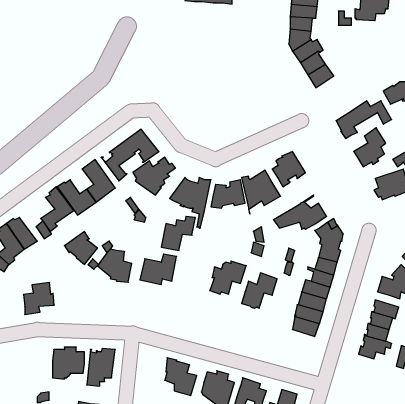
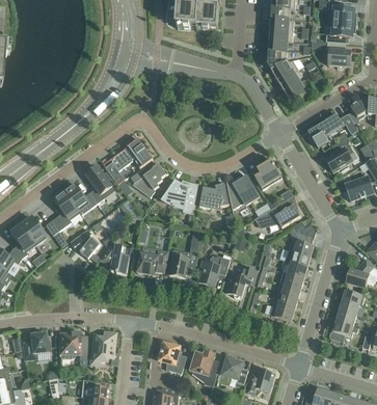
building: none -> [327,42,351,65]
building: [161,216,195,251] -> [169,247,199,277]
building: [24,283,54,314] -> [23,331,50,359]

